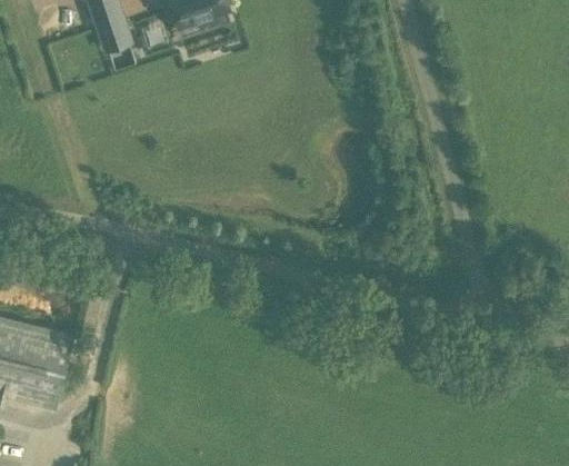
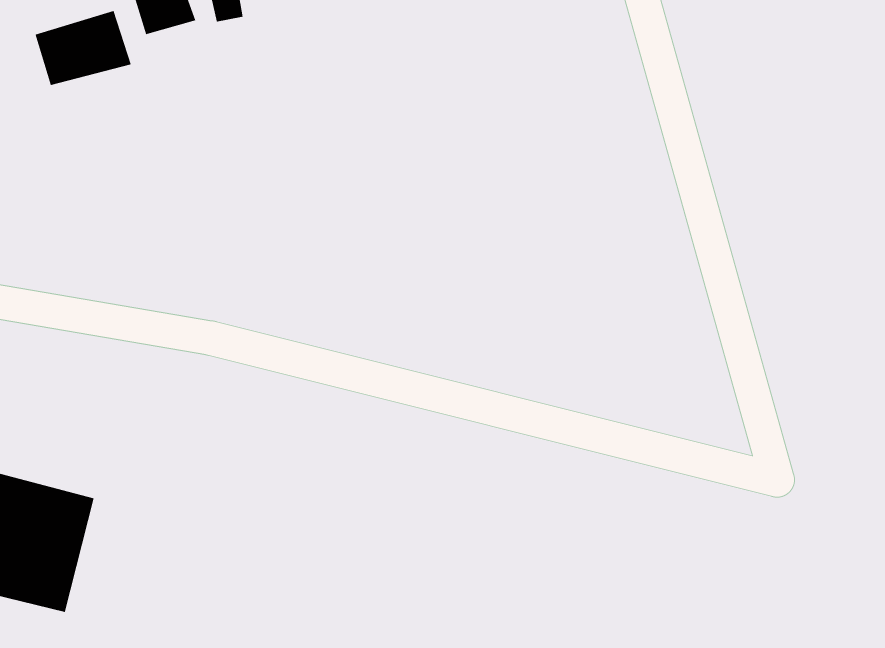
building: none -> [35,10,132,86]

